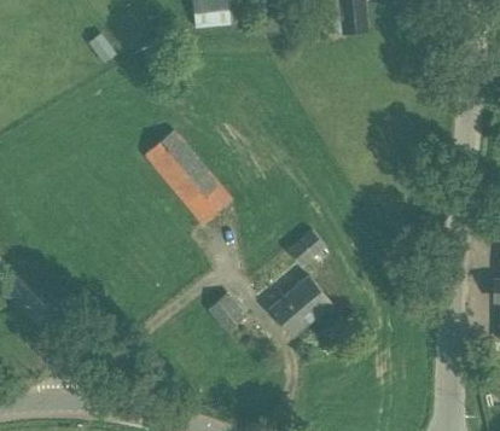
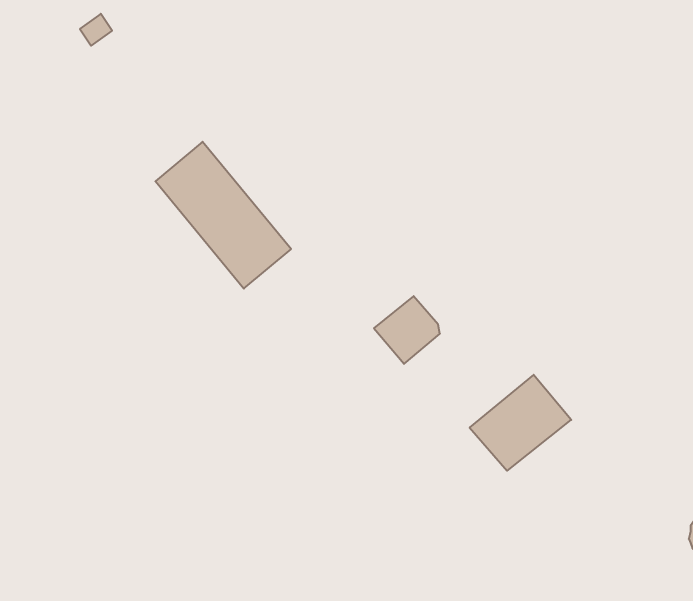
building: [269,274,335,336] -> [470,375,571,471]
building: [209,295,246,332] -> none

